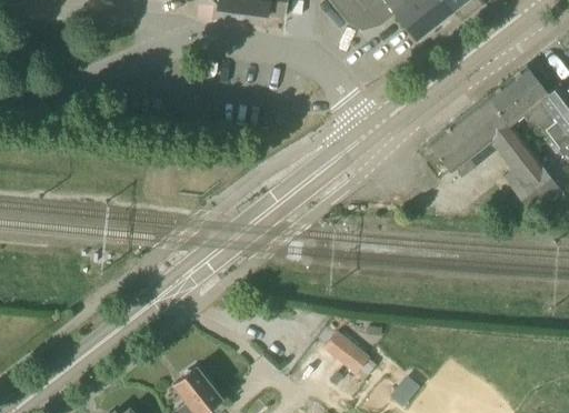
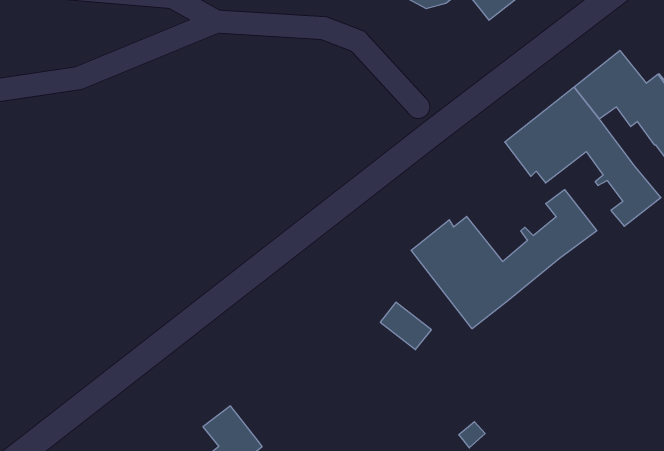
building: none -> [411,190,597,329]
building: [327,334,370,374] -> [380,302,431,350]

